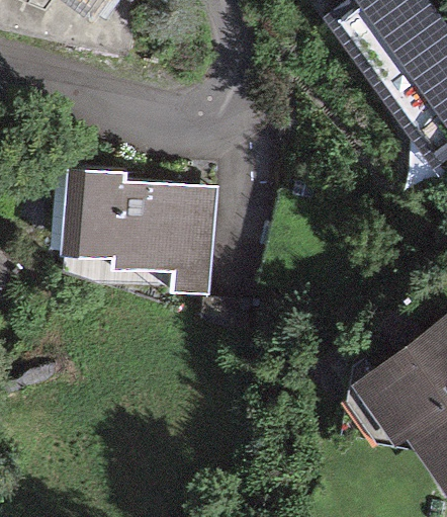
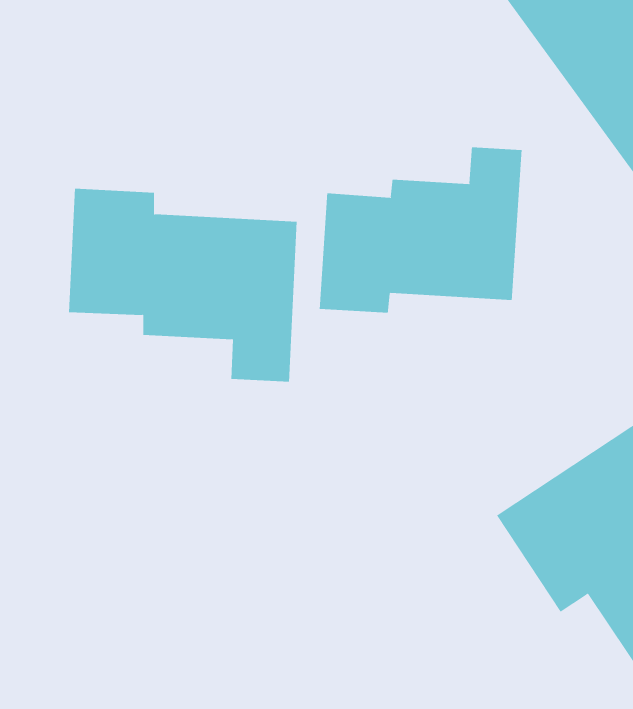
building: none -> [319,146,522,313]

